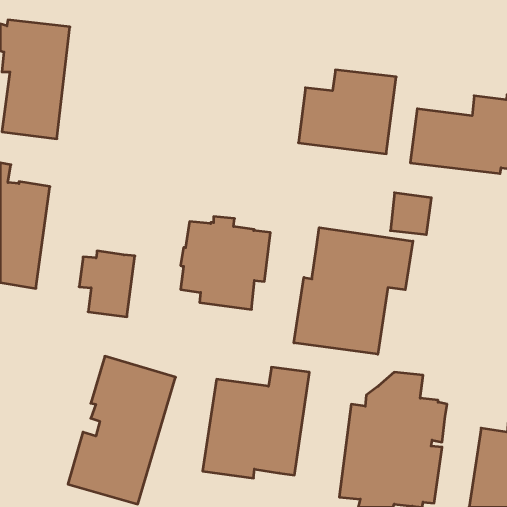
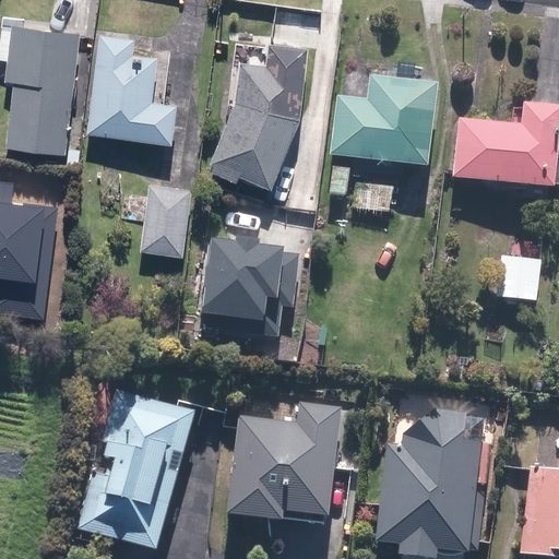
building: none -> [87,32,176,142]
building: none -> [209,40,307,186]
building: [390,193,431,235] -> [497,255,542,301]
building: [294,228,413,354] -> none
building: [79,251,135,317] -> [131,181,192,253]

